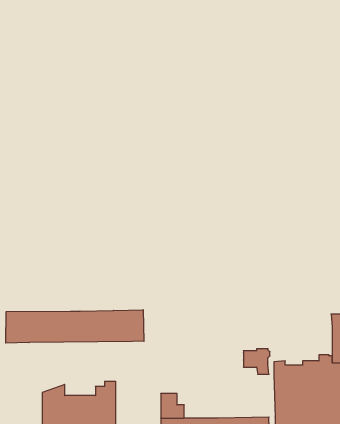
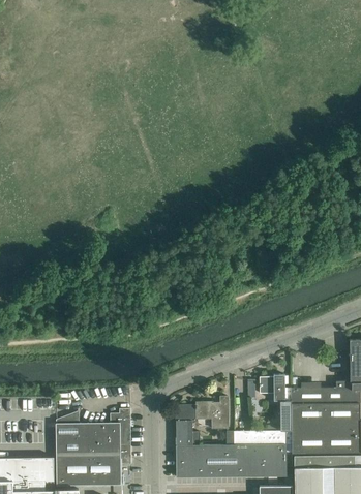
building: [6,310,144,343] -> none
building: none -> [235,390,293,446]
building: none -> [177,398,229,430]

